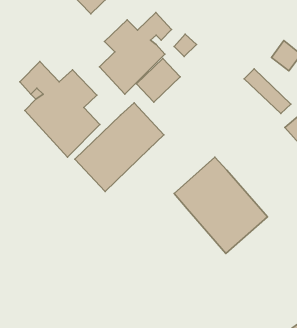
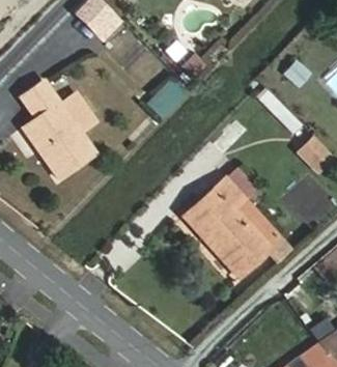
building: [100,12,172,94] -> none
building: [75,103,164,191] -> none

